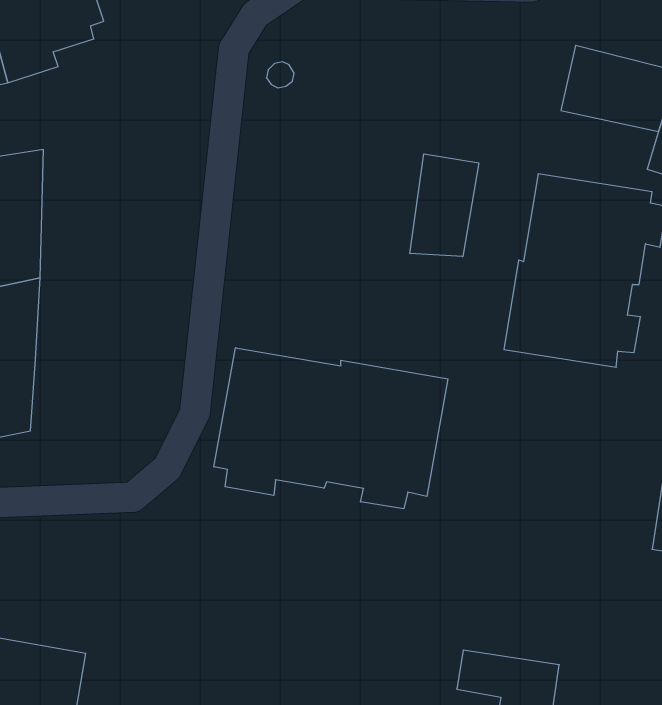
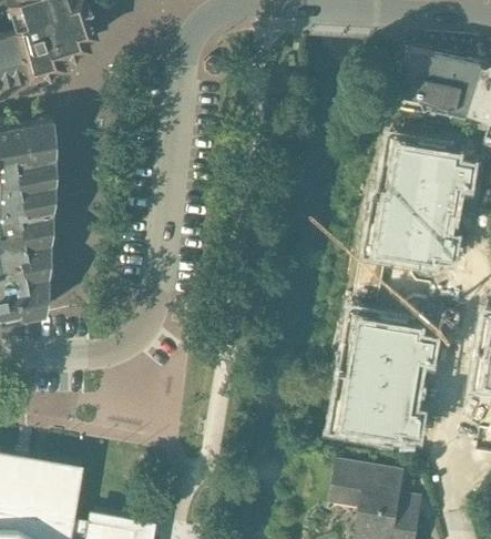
building: [410,154,479,257] -> none
building: [214,348,448,509] -> none
building: none -> [333,313,443,446]

